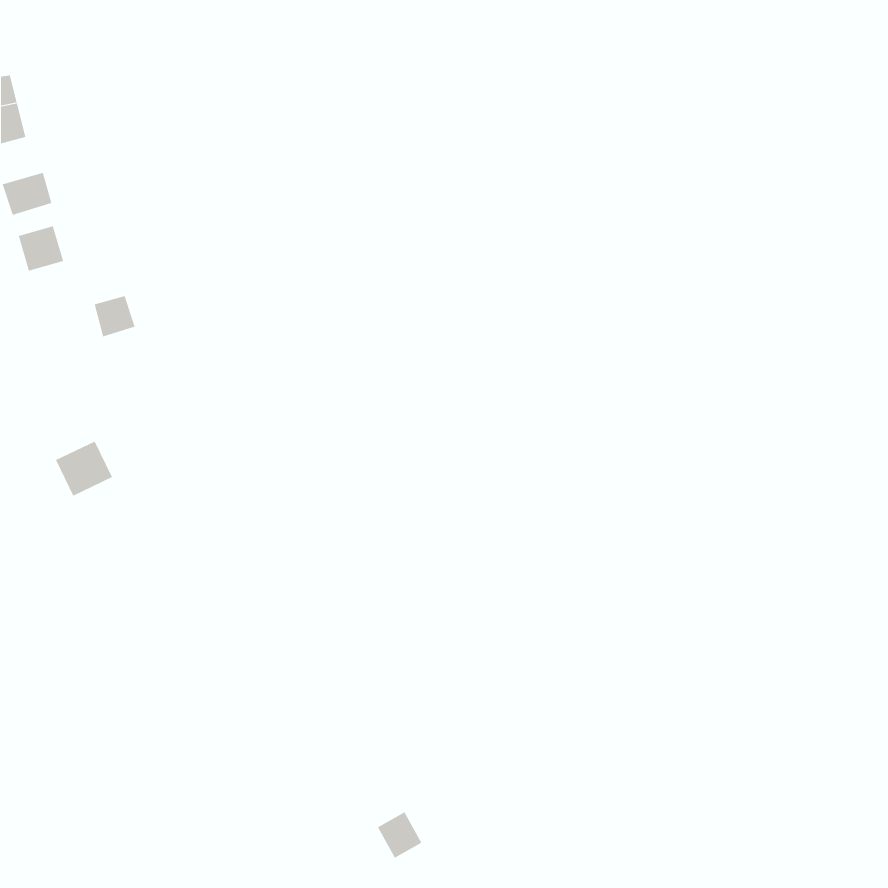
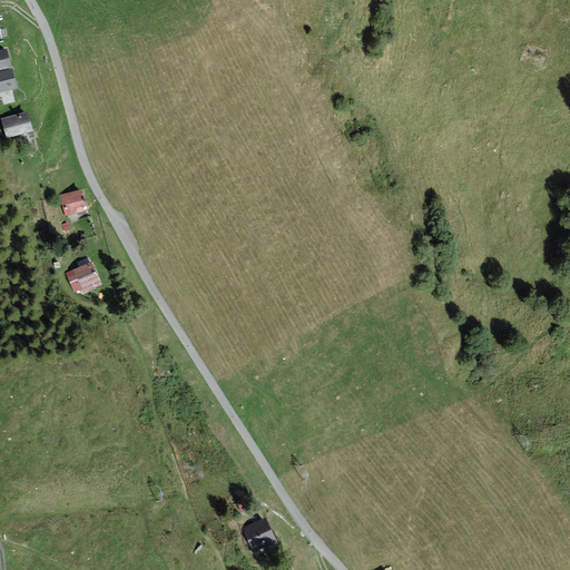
building: [18,225,64,272] -> none
building: [55,441,113,496] -> [66,261,102,296]

